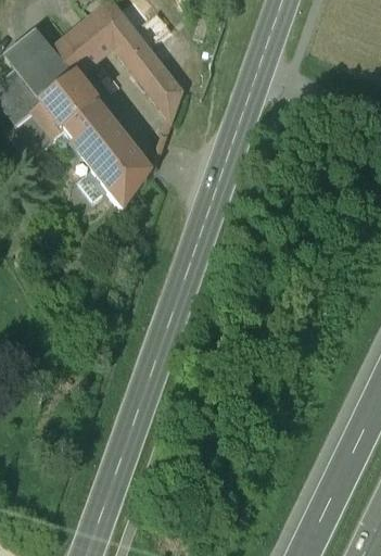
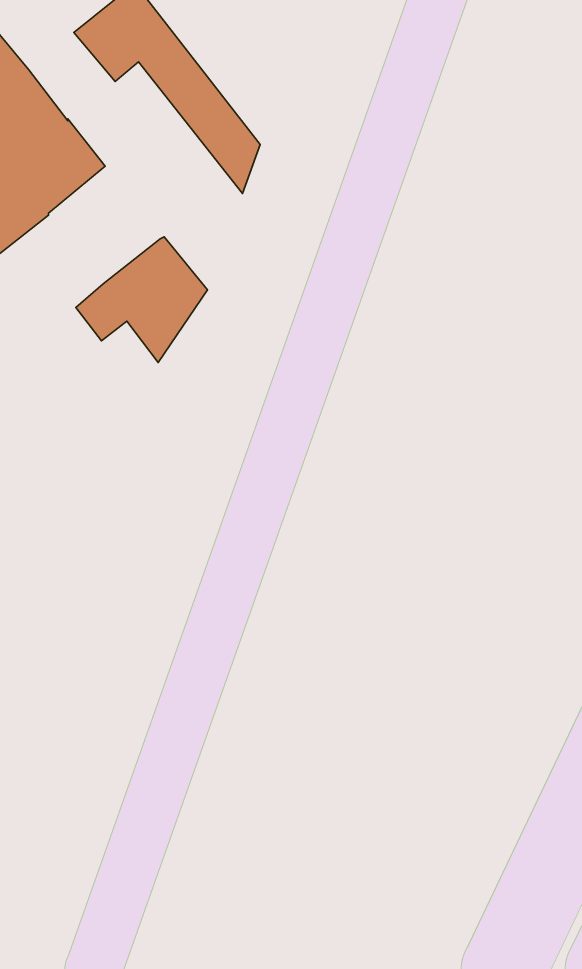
building: [53,26,101,75] -> none
building: [64,101,126,165] -> none

